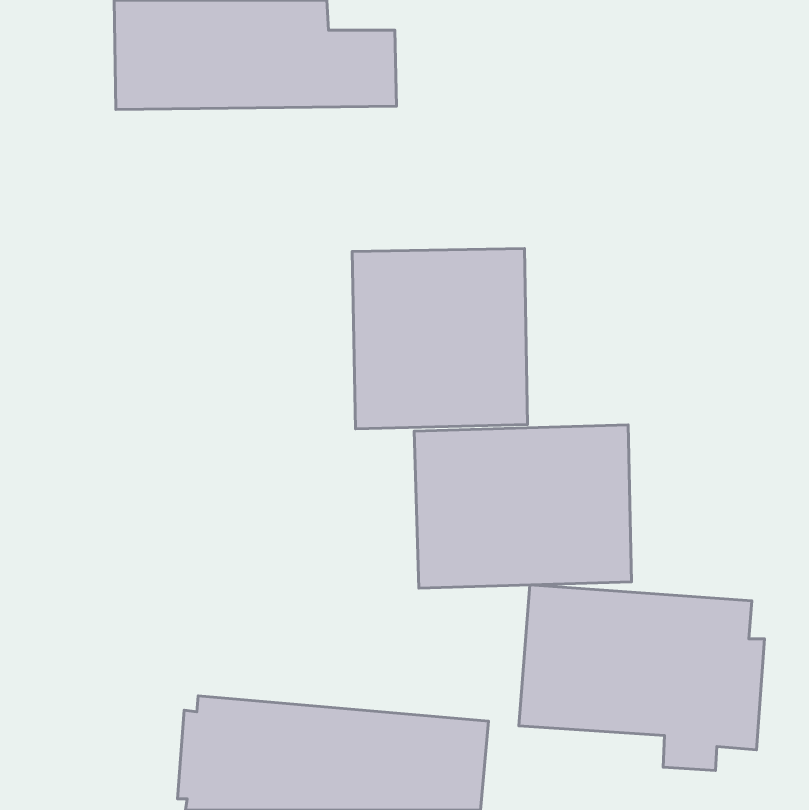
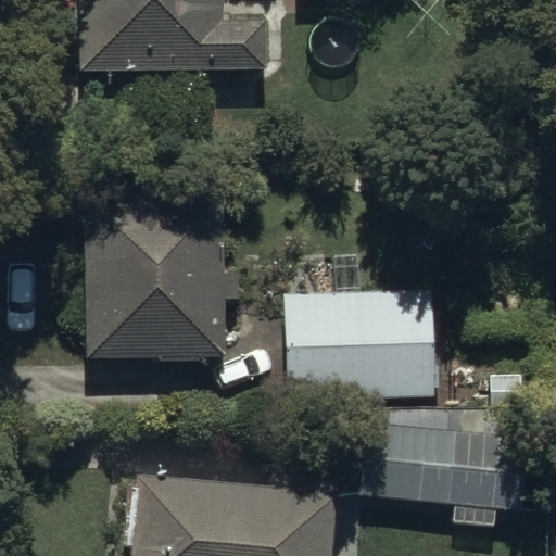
building: [352,248,528,429] -> none
building: none -> [88,185,239,361]

